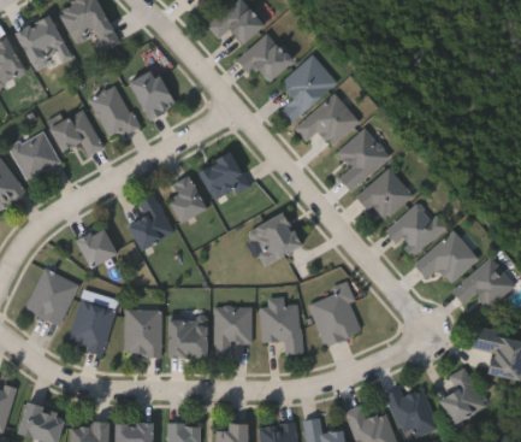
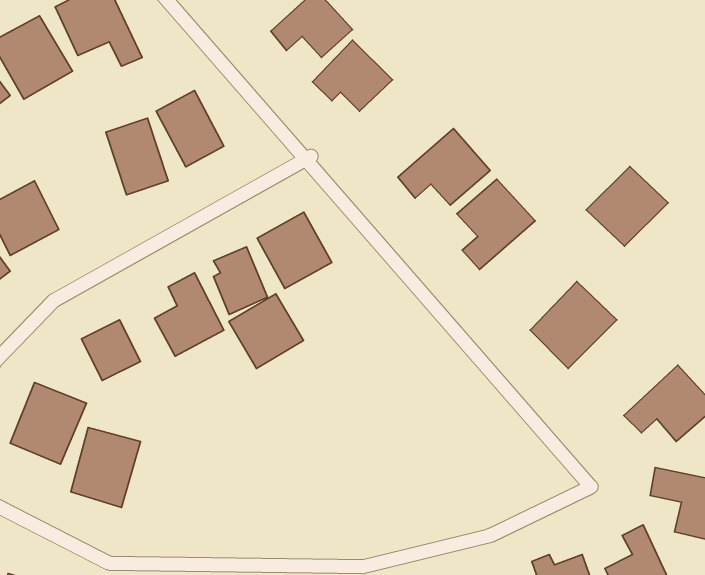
building: [279,53,336,122] -> none
building: [49,108,102,155] -> none
building: [356,167,413,223] -> [586,166,668,246]
building: [249,212,301,264] -> [229,294,304,368]
building: [414,230,478,283] -> none
building: [309,290,361,346] -> none
building: [260,305,303,354] -> none
building: [214,308,251,356] -> none
building: [125,311,161,355] -> none
building: [168,316,207,356] -> none

